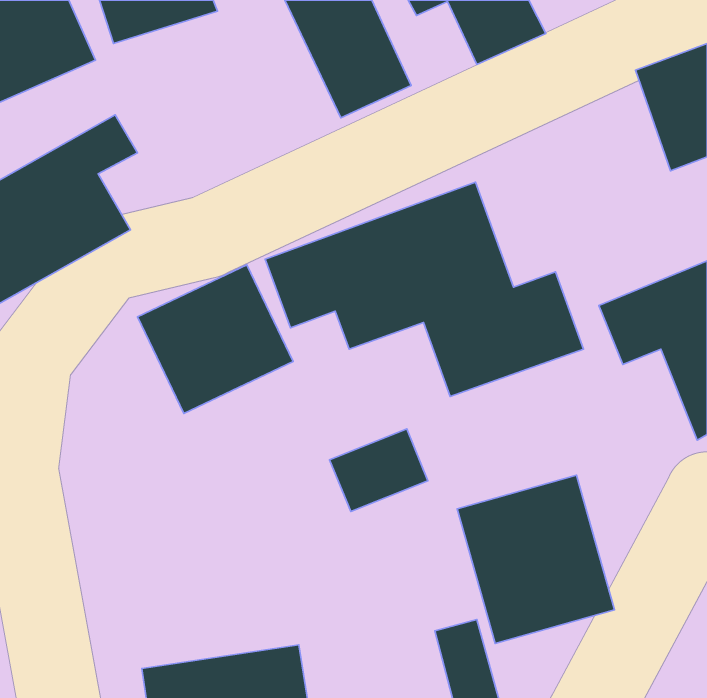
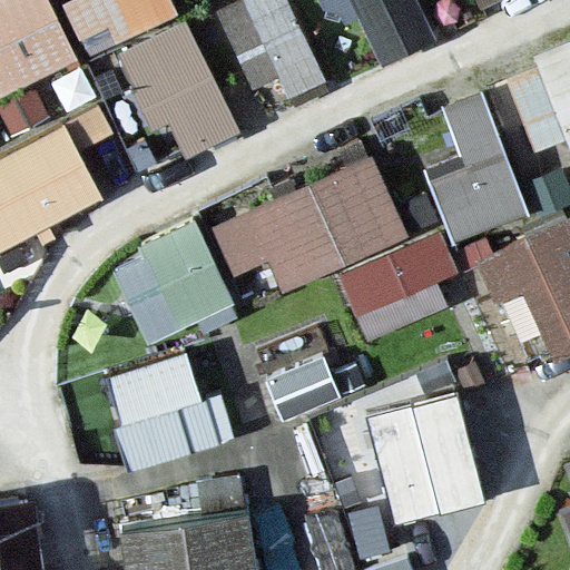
building: none -> [118,23,232,155]
building: none -> [428,90,529,242]
building: none -> [100,350,222,470]

